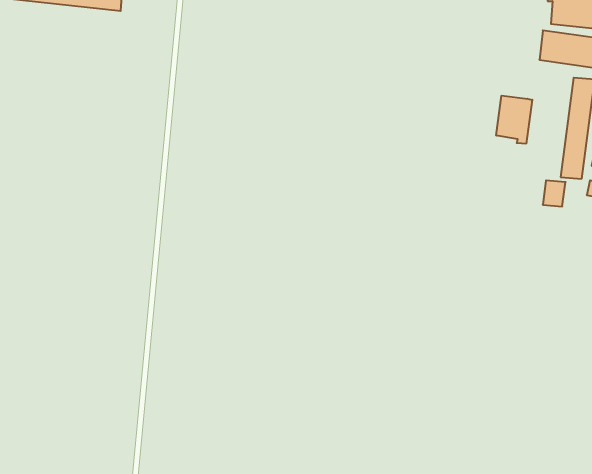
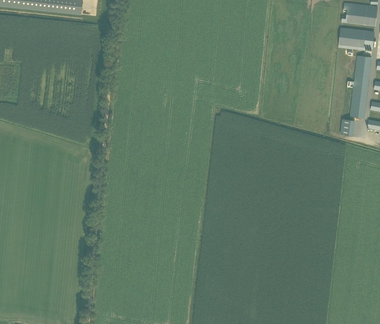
building: [496,96,532,144] -> none

